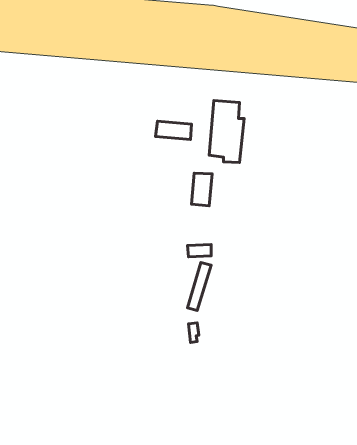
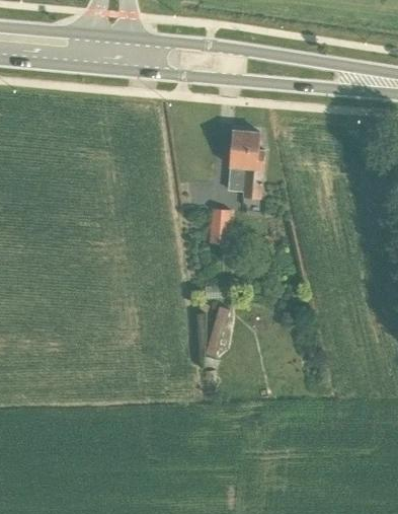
building: [155,121,191,140] -> none

